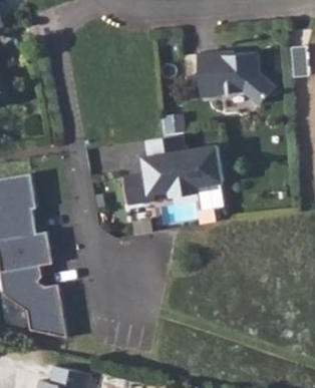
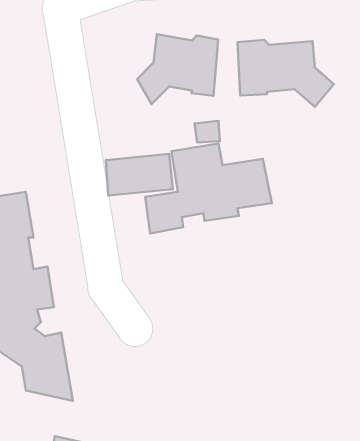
building: none -> [137,34,218,104]

